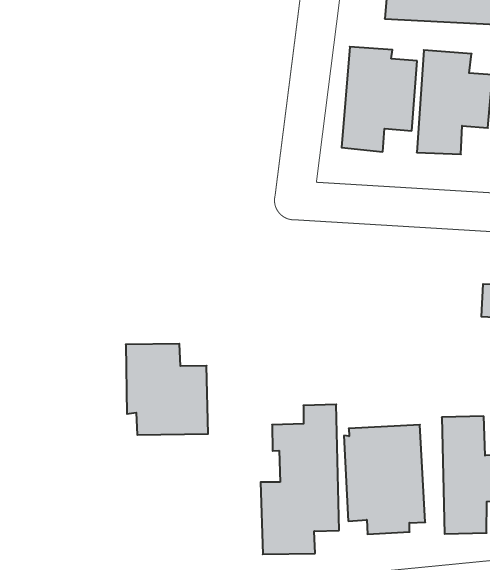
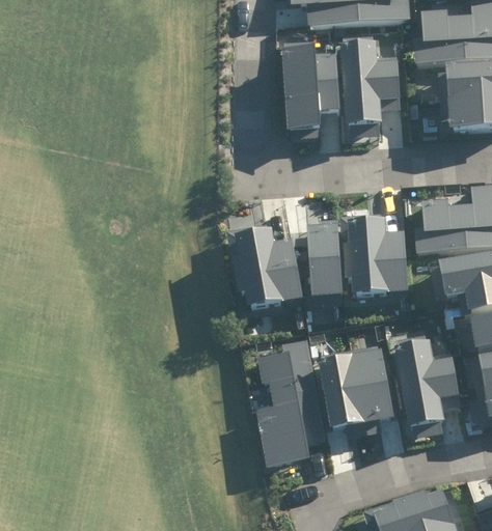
building: none -> [344,216,409,296]
building: none -> [307,221,343,300]
building: [126,344,208,435] -> [229,232,304,309]

